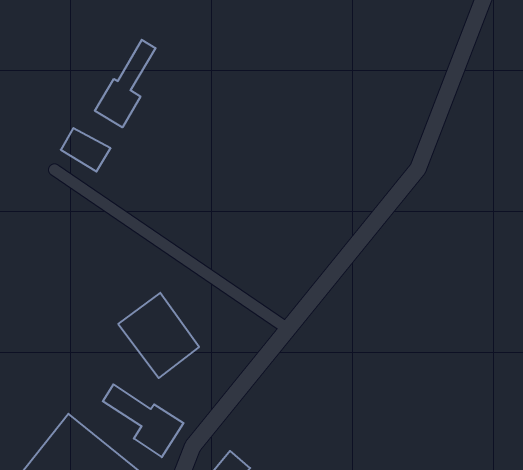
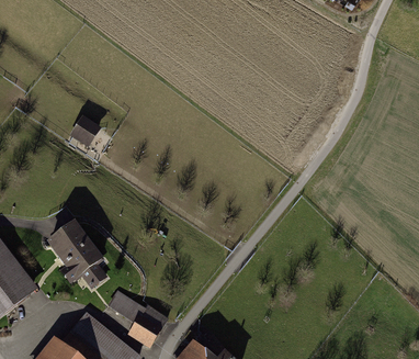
building: [95,40,156,127] -> none
building: [118,293,199,378] -> [45,222,102,282]

